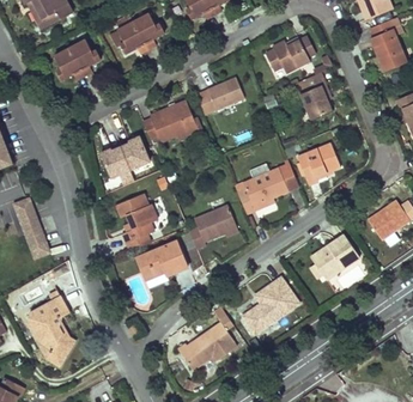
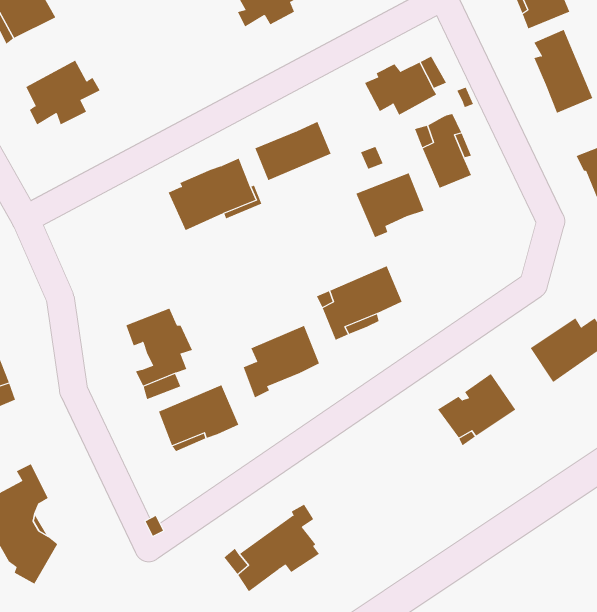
building: [117,12,164,53] -> none
building: [101,135,150,184] -> none
building: [297,142,340,183] -> [355,172,425,238]
building: [243,276,299,333] -> none

